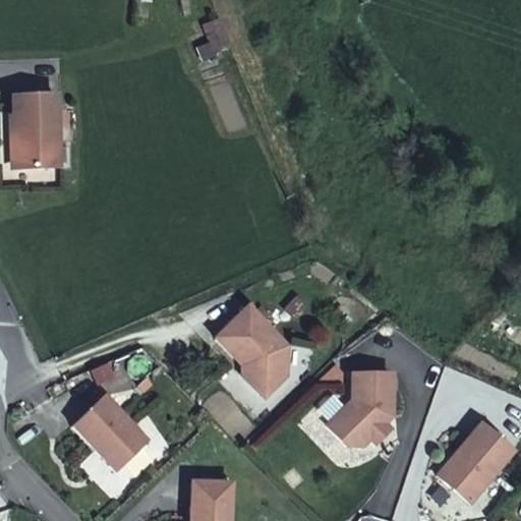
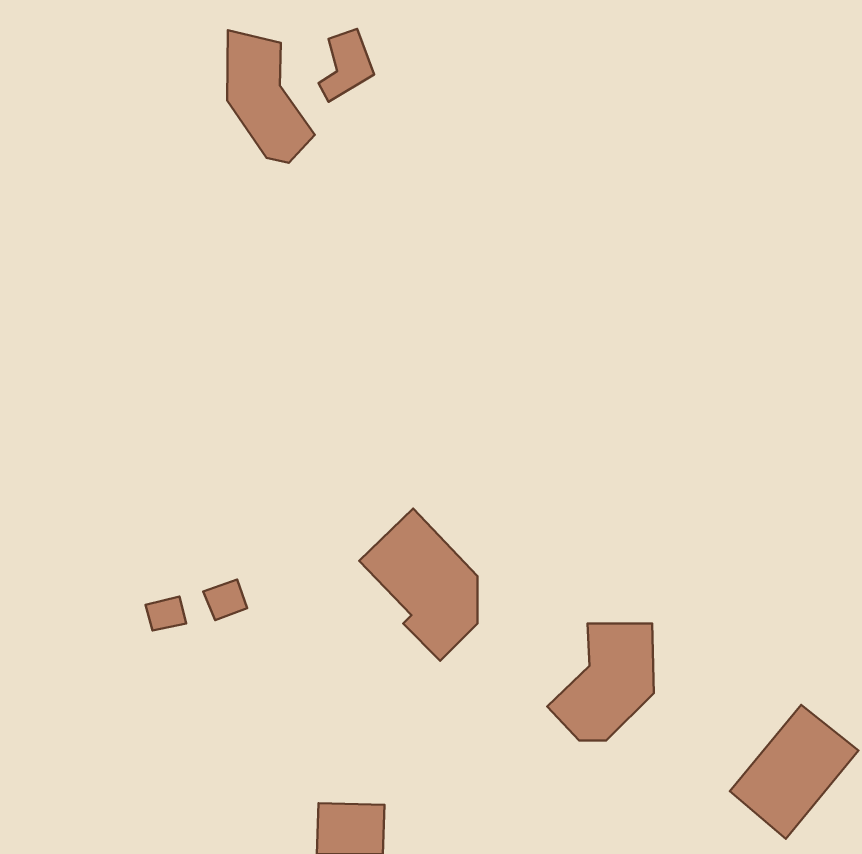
building: none -> [227,30,315,163]
building: [14,90,59,163] -> none
building: [72,394,149,470] -> none

